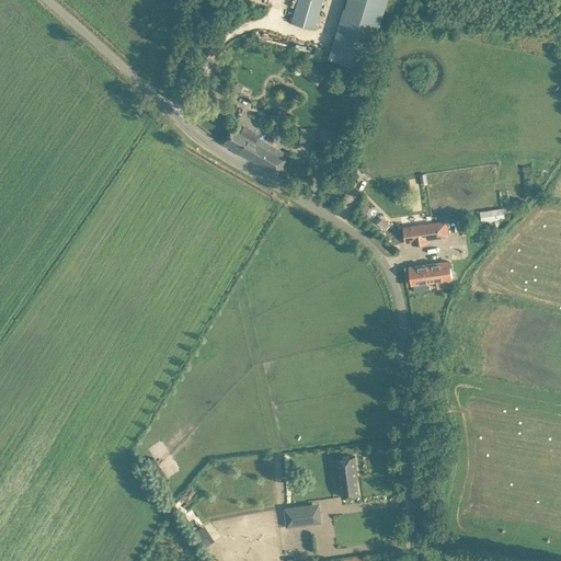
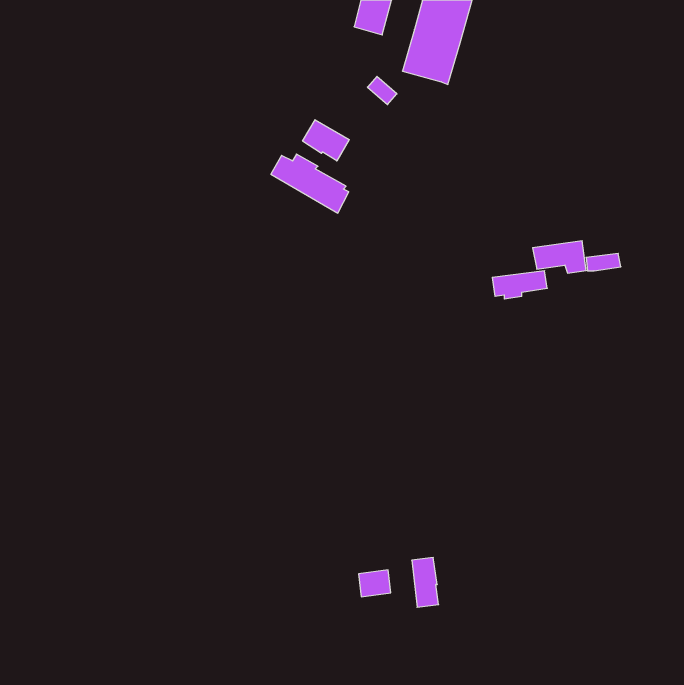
building: none -> [303,120,349,161]
building: [408,261,451,287] -> [533,241,586,273]
building: [284,504,310,526] -> [359,570,391,597]

